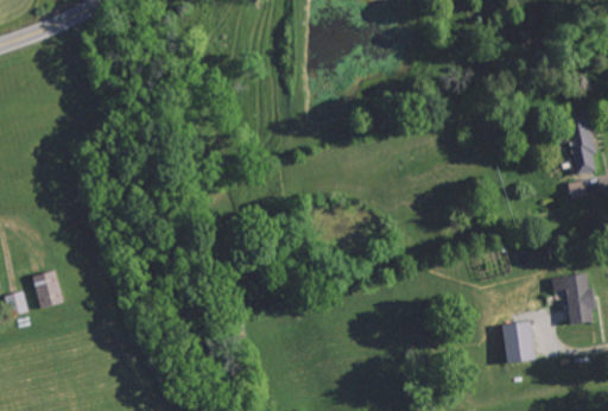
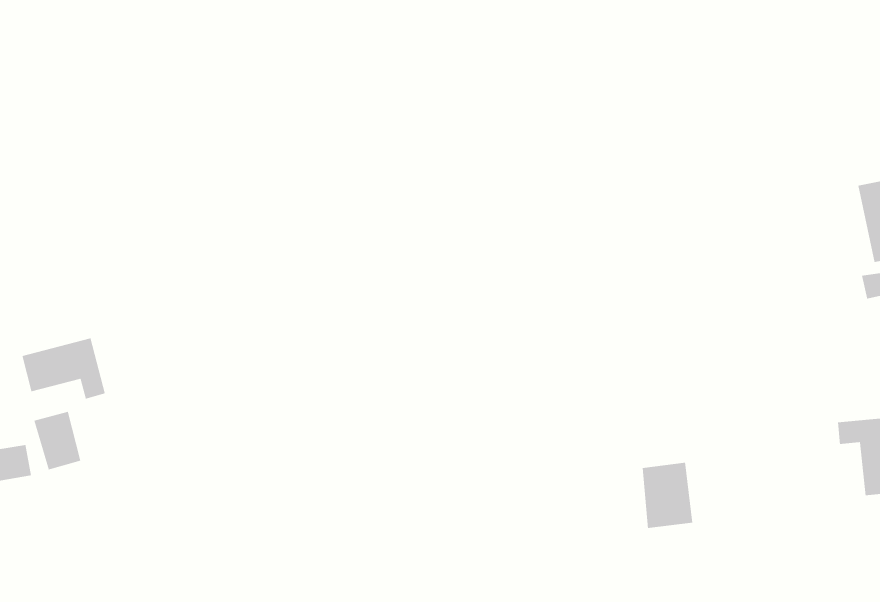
building: none -> [22,337,106,399]
building: [502,321,536,363] -> [642,462,693,528]

